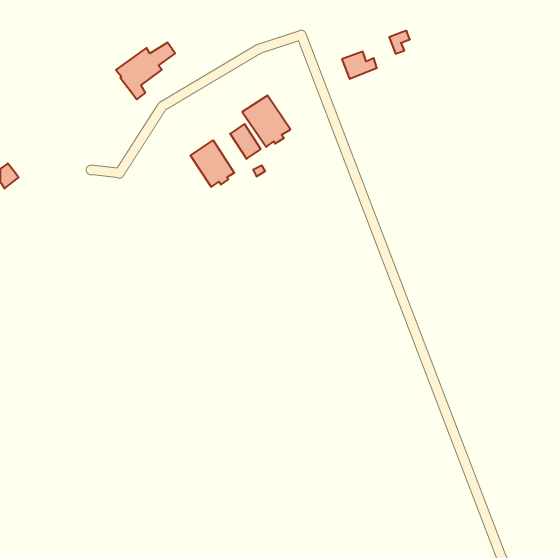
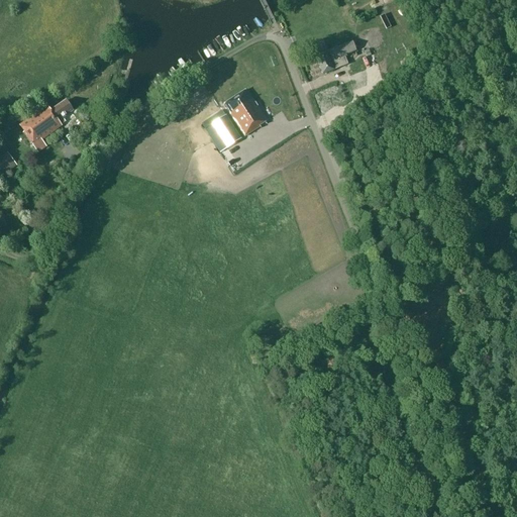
building: [116,42,175,99] -> [19,99,74,151]
building: [191,140,234,187] -> none

